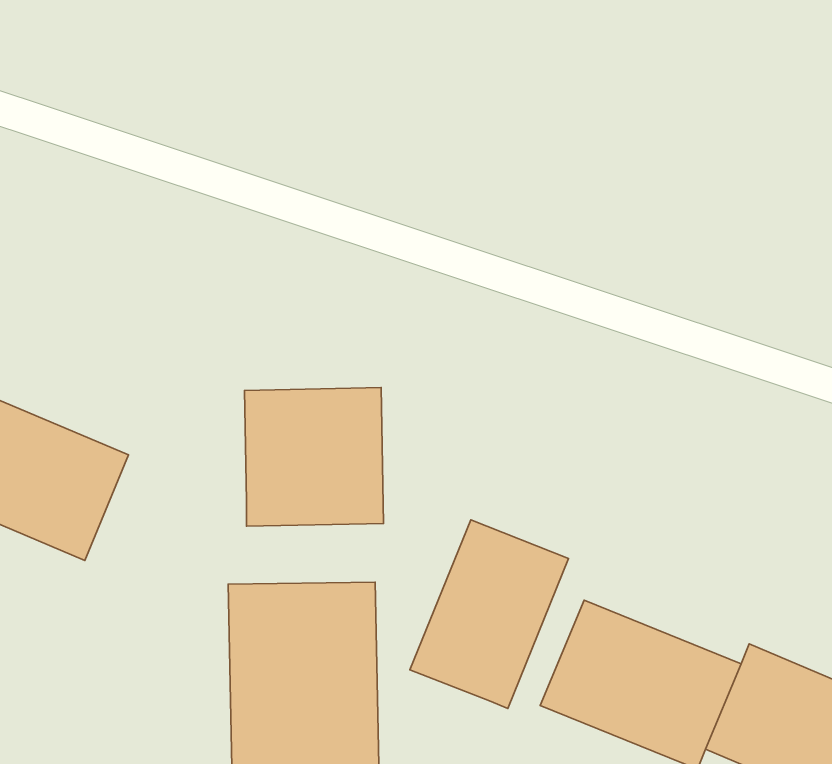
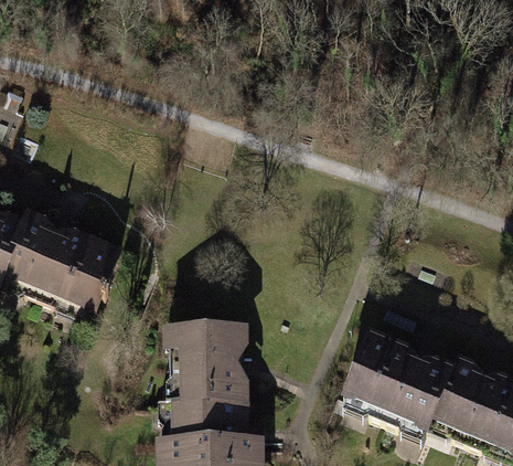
building: [245,388,383,526] -> none
building: [410,520,569,708] -> none

